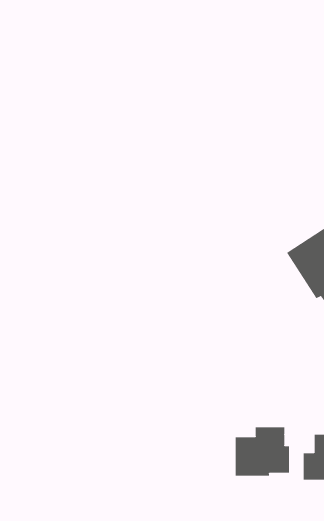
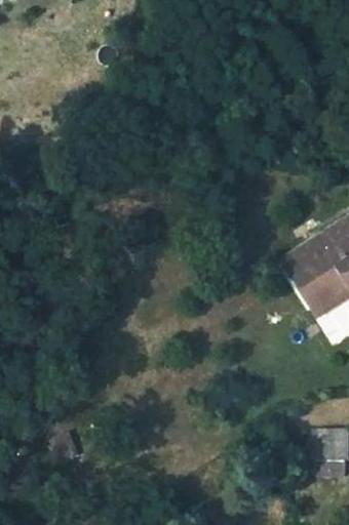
building: [235,426,290,477] -> none

